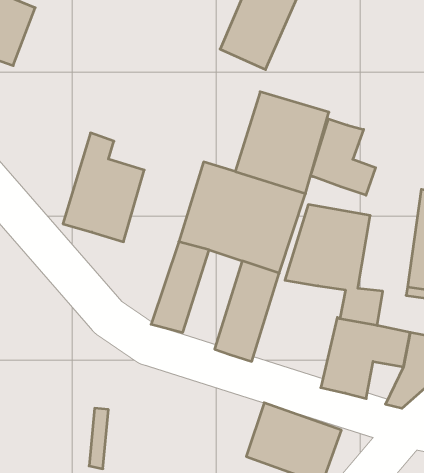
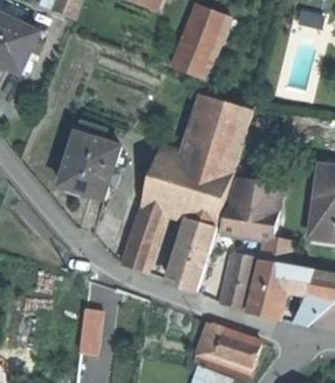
building: [310,119,376,195] -> none
building: none -> [221,235,264,308]

